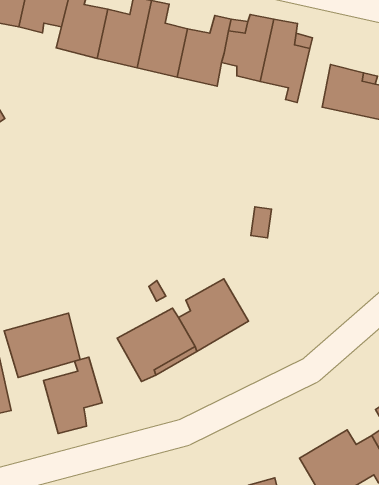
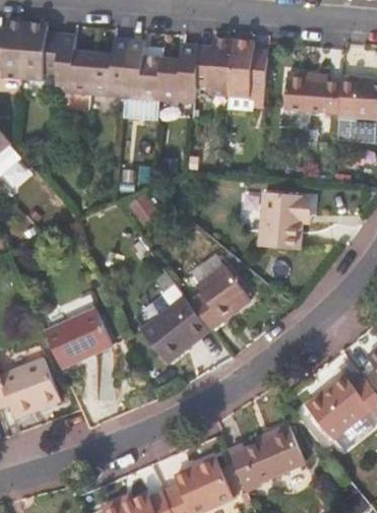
building: none -> [260,193,312,249]
building: [44,357,102,433] -> none

